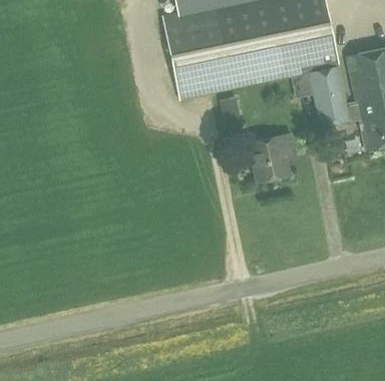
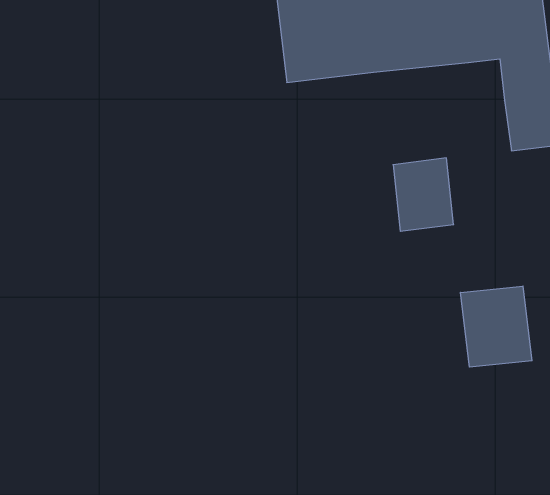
building: none -> [460,286,532,367]

